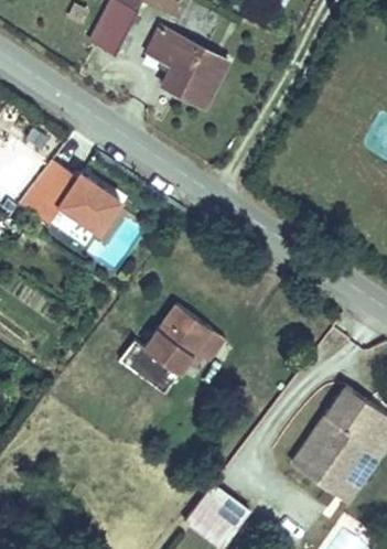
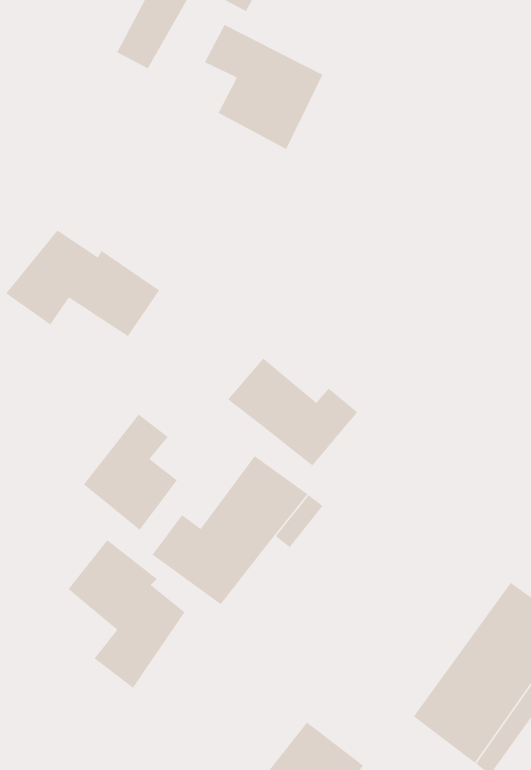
building: none -> [227,358,358,467]
building: none -> [83,414,178,531]
building: none -> [67,539,186,689]

